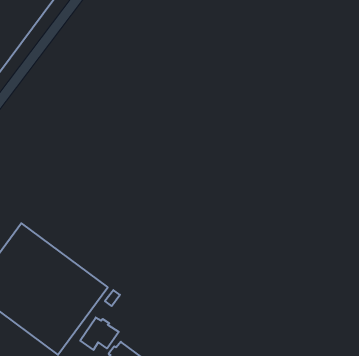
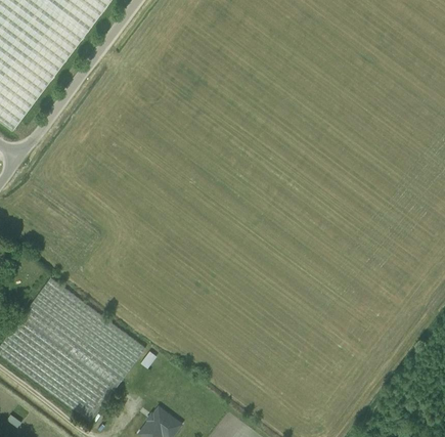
building: [80,317,119,350] -> none

